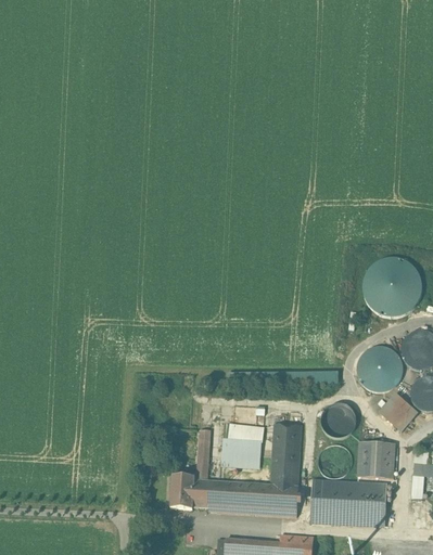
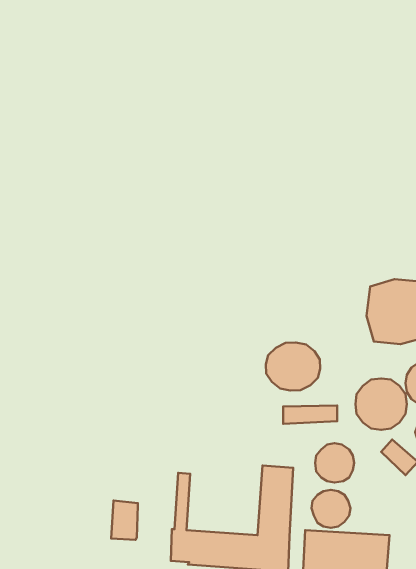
building: none -> [266,343,320,390]
building: [221,422,264,469] -> none
building: [357,441,394,478] -> none
building: [169,475,193,509] -> [111,501,138,540]

